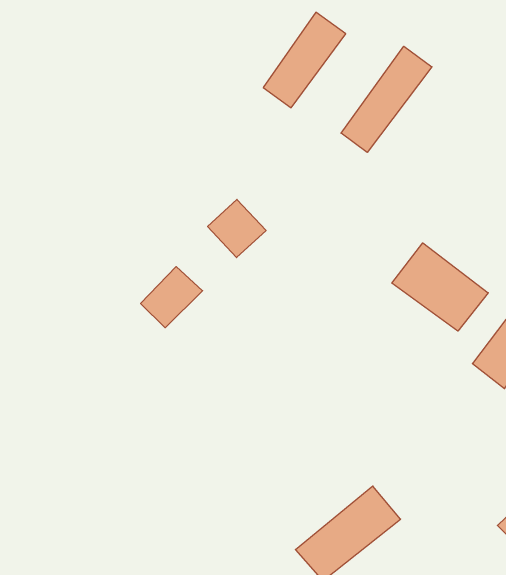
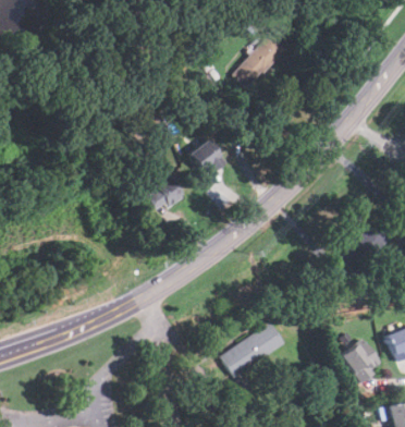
building: [341,46,432,152] -> none
building: [392,243,488,331] -> none

